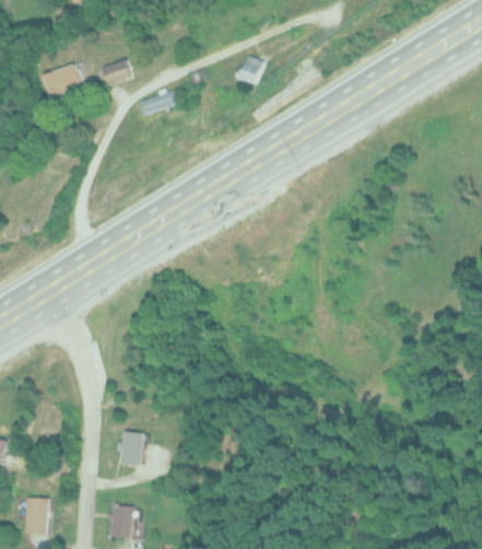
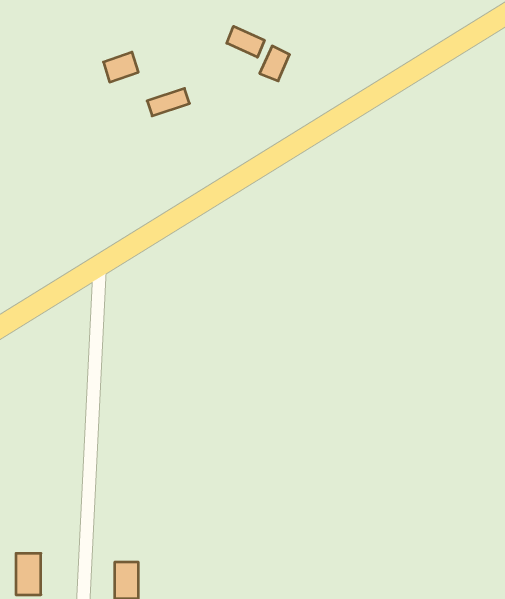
building: none -> [227,26,264,57]
building: [42,63,84,98] -> none
building: [120,432,143,465] -> none

